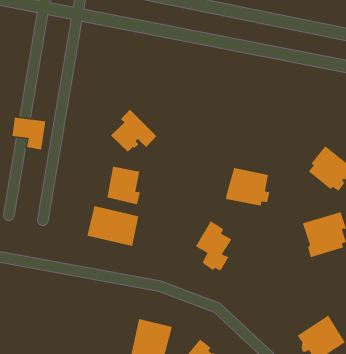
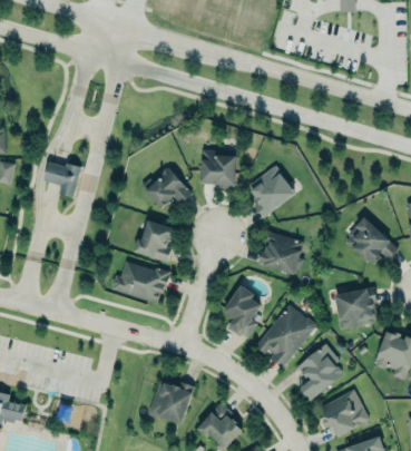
building: none -> [200,149,236,186]
building: none -> [248,164,295,216]
building: none -> [255,303,316,366]
building: none -> [296,344,343,401]

